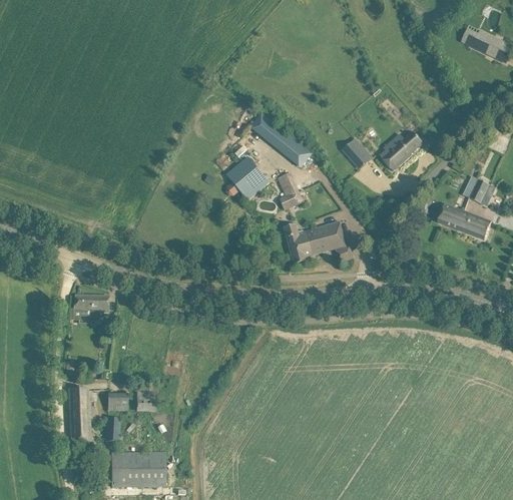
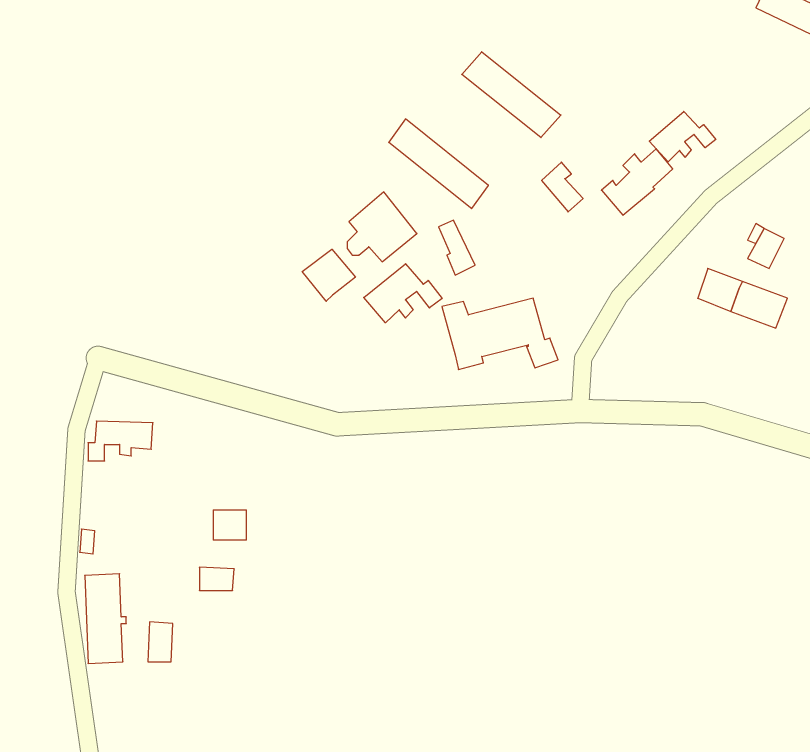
building: none -> [462,52,561,138]
building: none -> [649,111,716,162]
building: none -> [302,249,355,301]
building: none -> [364,264,442,323]
building: [107,393,127,411] -> [213,510,246,540]
building: [110,452,165,486] -> none

